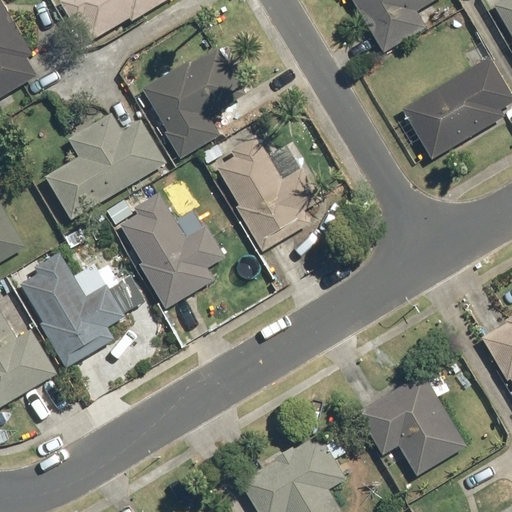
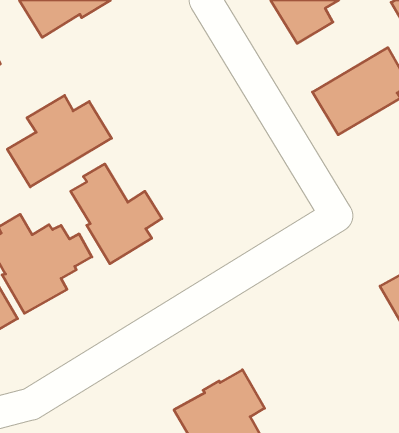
building: [142,44,246,158] -> none
building: [215,133,322,251] -> none
building: [356,372,466,475] -> none

